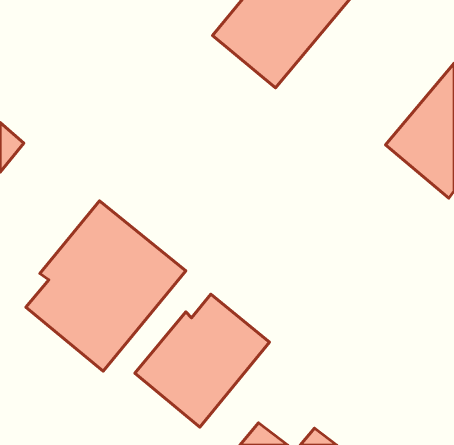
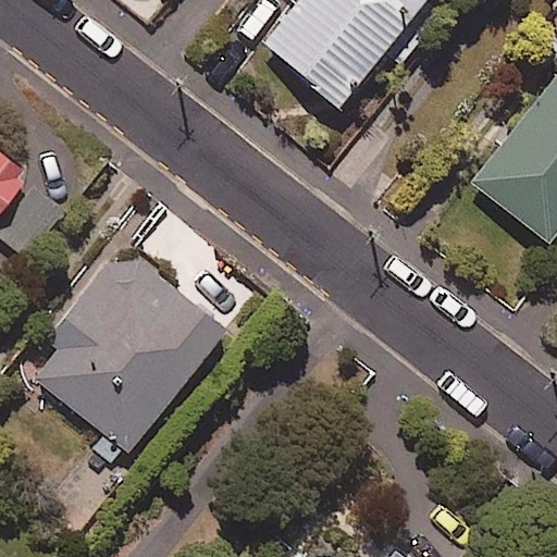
building: [135,294,270,427] -> none

